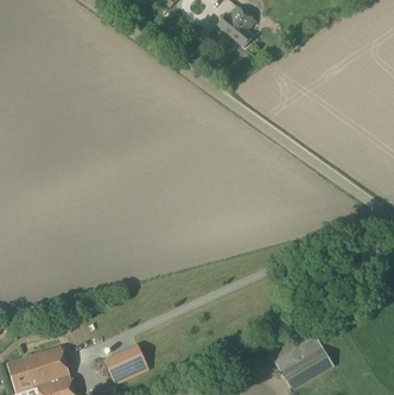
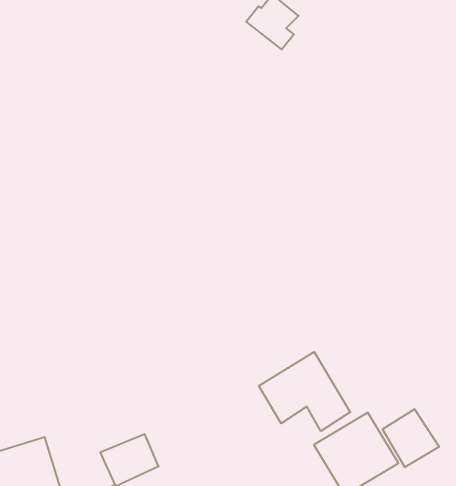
building: none -> [259,352,350,431]
building: none -> [383,409,439,467]

